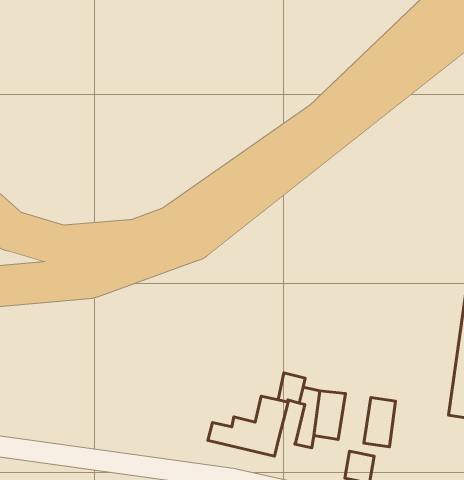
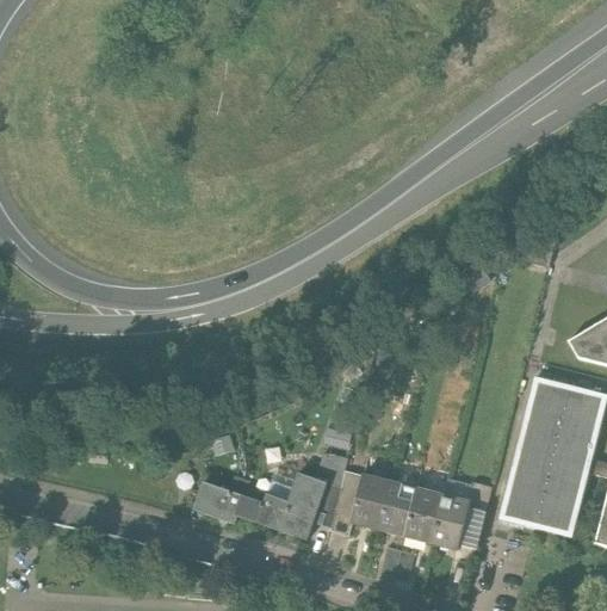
building: none -> [378,480,419,536]
building: none -> [314,480,346,526]
building: none -> [433,494,472,550]
building: none -> [196,481,243,523]

